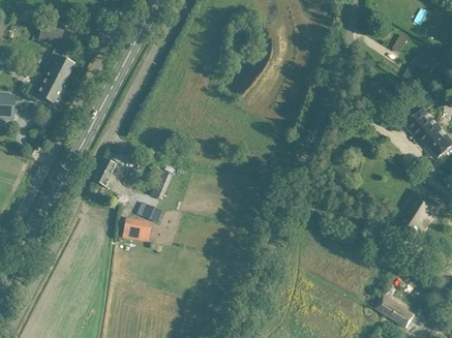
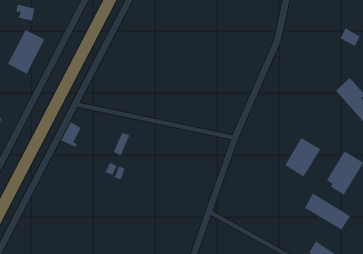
building: none -> [284,137,321,177]
building: [124,218,152,241] -> none
building: none -> [304,193,351,230]

